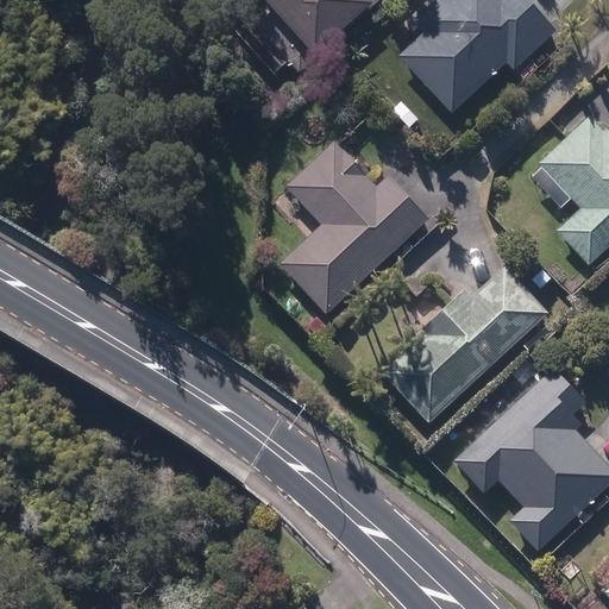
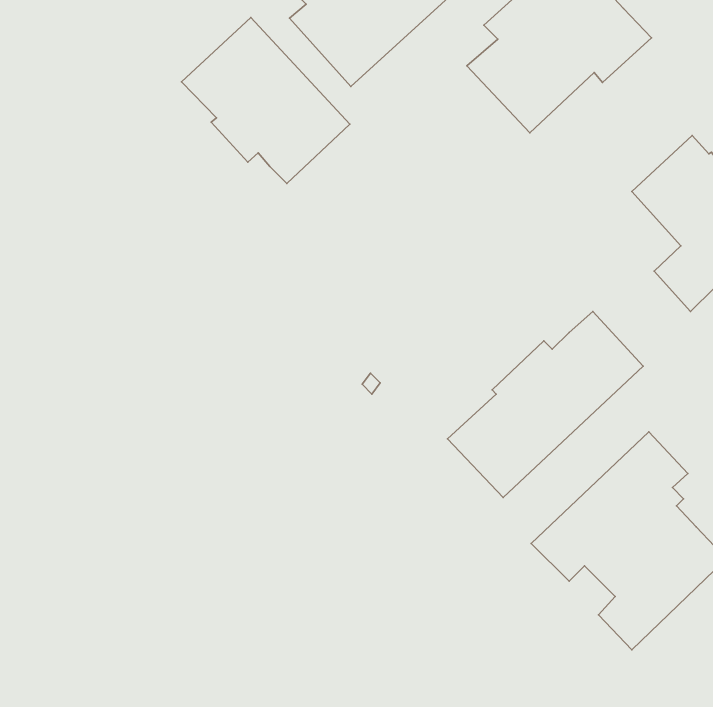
building: none -> [181,18,350,183]
building: [281,143,428,314] -> none

